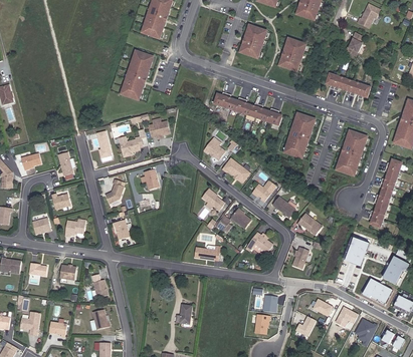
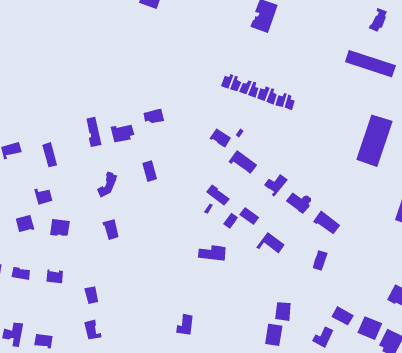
building: [279,39,305,72] -> none
building: [120,50,151,98] -> none
building: [281,111,316,158] -> none
building: [344,237,368,265] -> none

